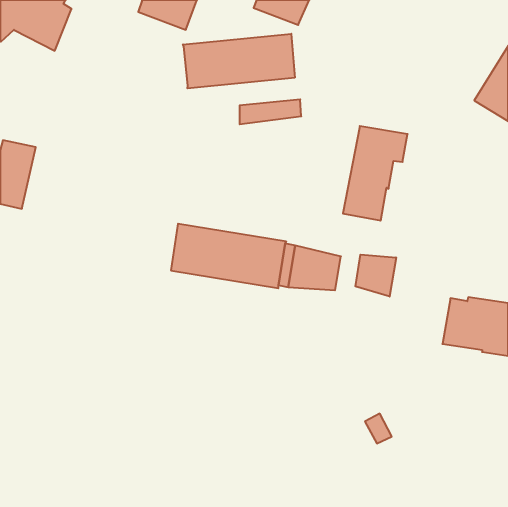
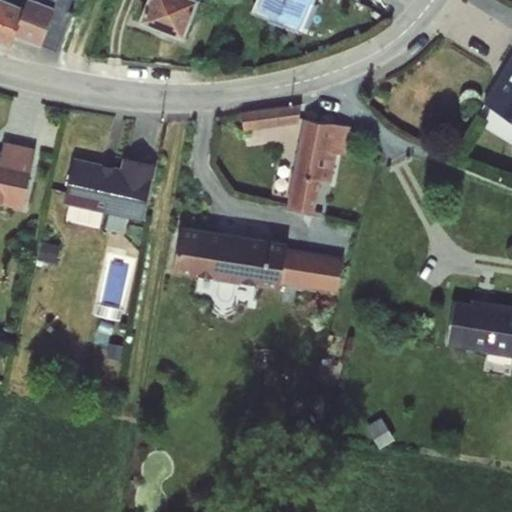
building: [183,34,295,88] -> none
building: [343,126,408,221] -> [286,120,351,215]
building: none -> [64,160,154,219]
building: [355,255,396,297] -> none

